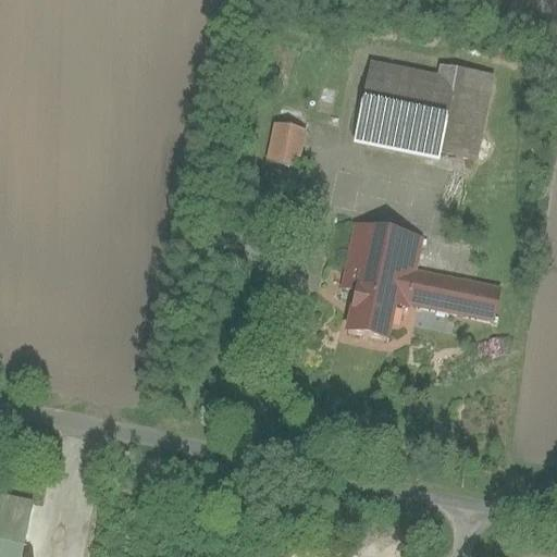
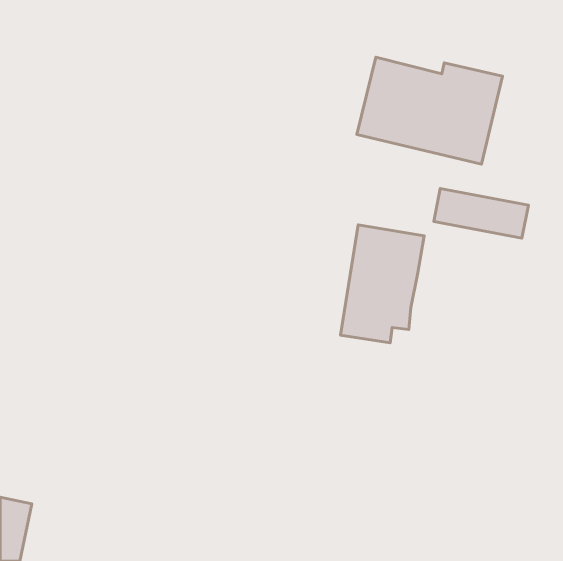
building: [267,110,309,166] -> none
building: [406,271,499,320] -> [434,189,528,238]

